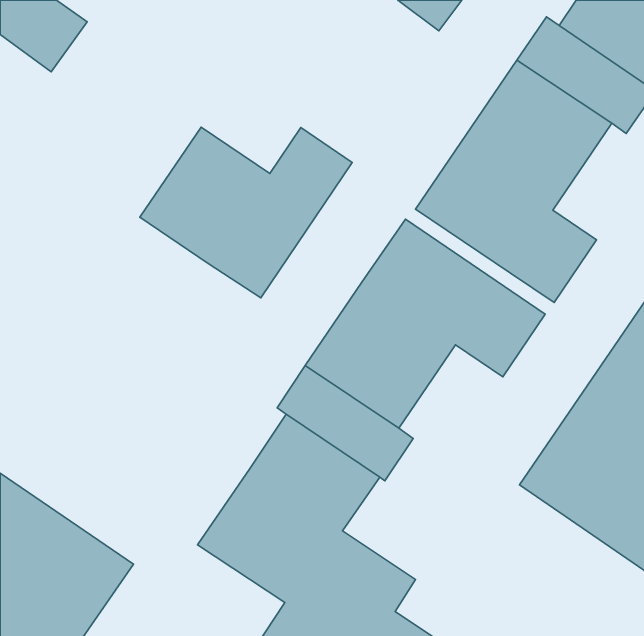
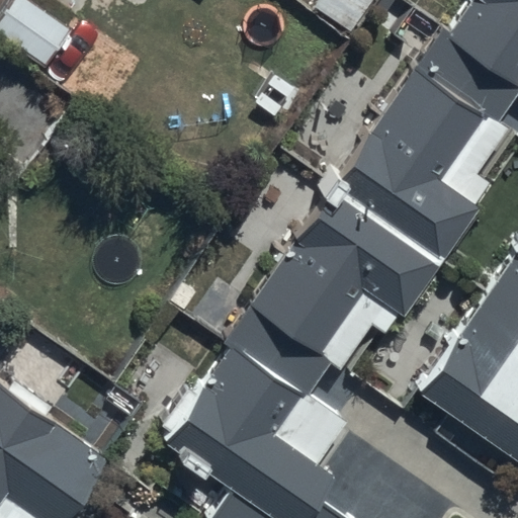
building: [140,127,352,298] -> none

